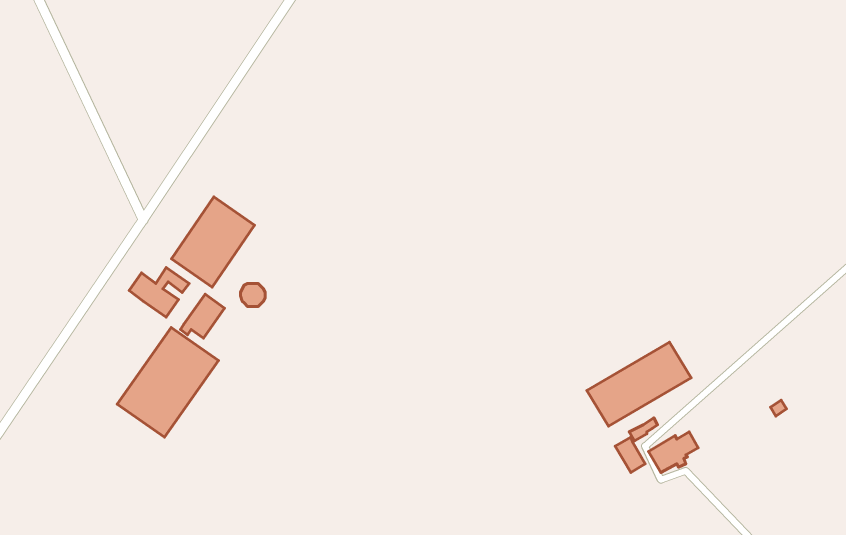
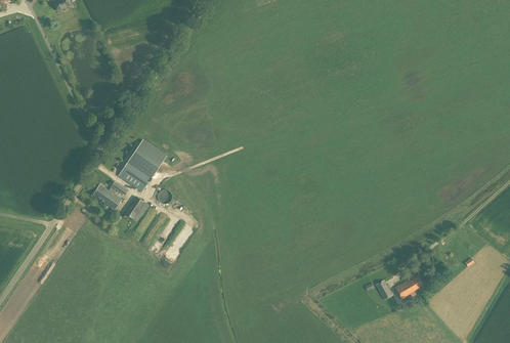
building: [117,328,219,437] -> none
building: [587,342,691,426] -> none

